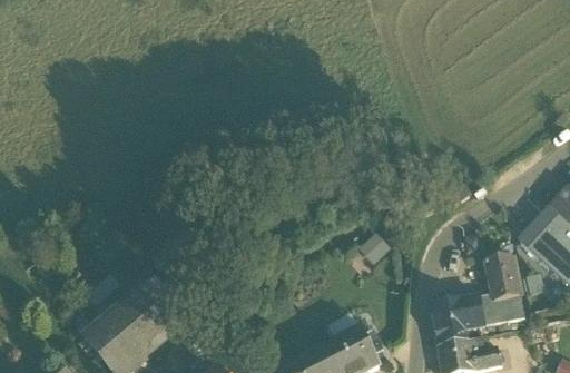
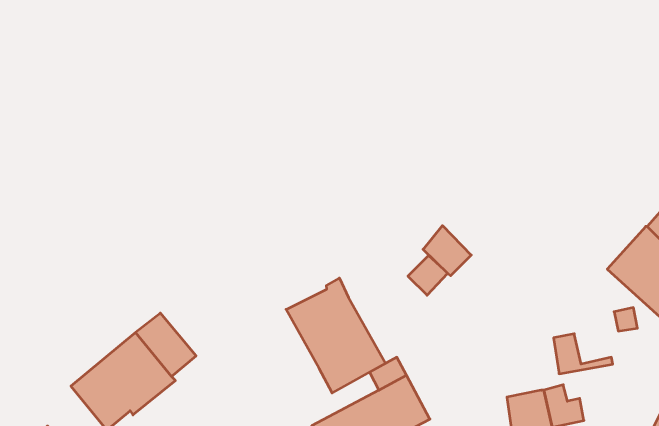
building: none -> [423,226,471,276]
building: none -> [286,278,386,393]
building: [485,253,523,317] -> none
building: [432,296,481,344] -> none

